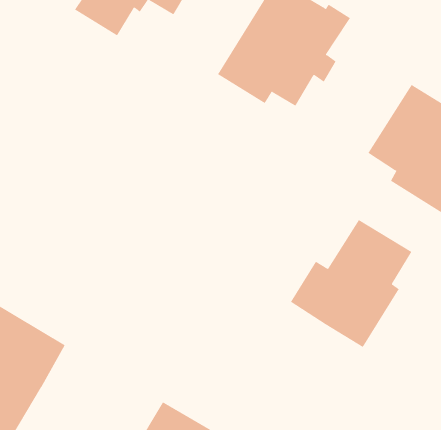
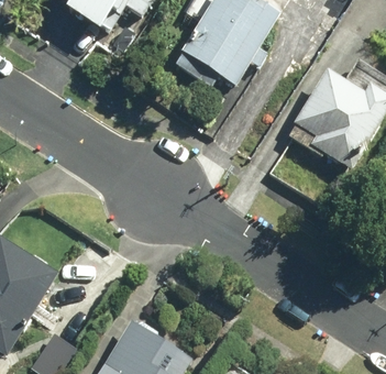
building: [290,219,412,348] -> none

